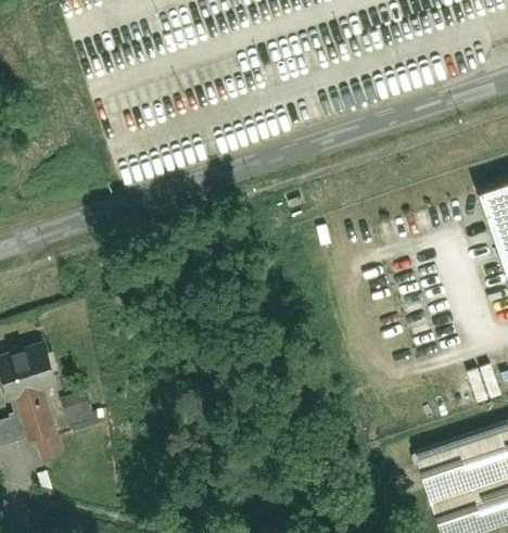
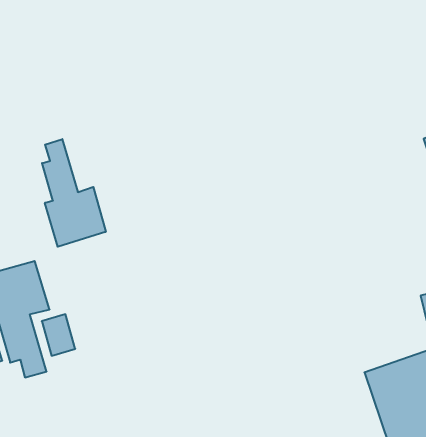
building: none -> [42,139,106,247]

